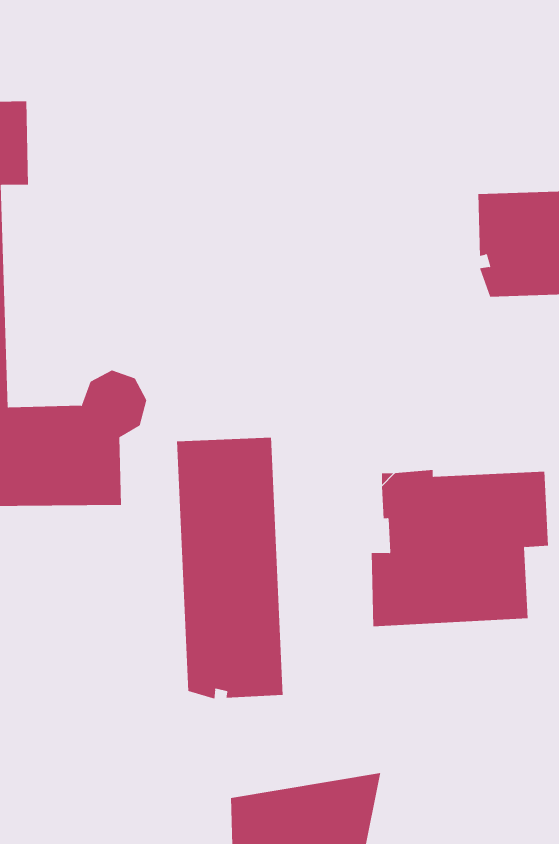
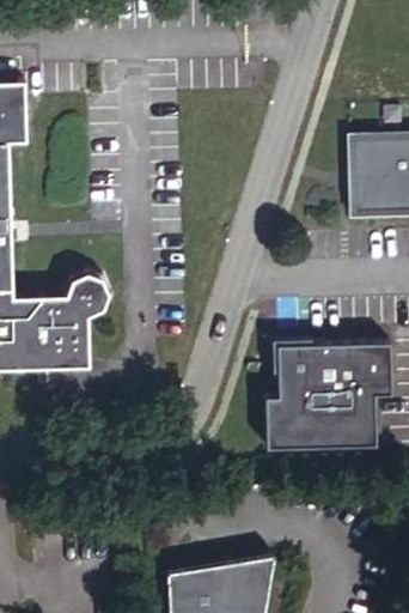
building: [177,437,283,699] -> none

